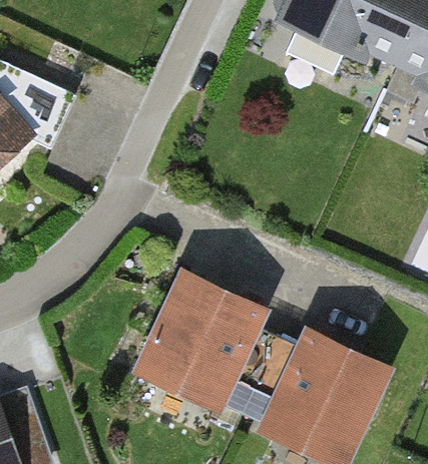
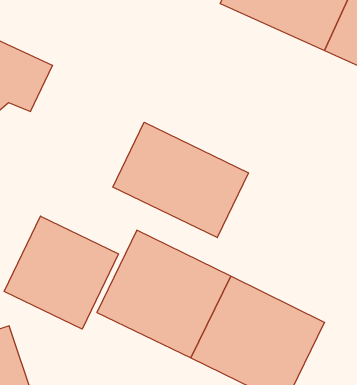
building: none -> [113,122,249,238]
building: none -> [4,216,118,329]

